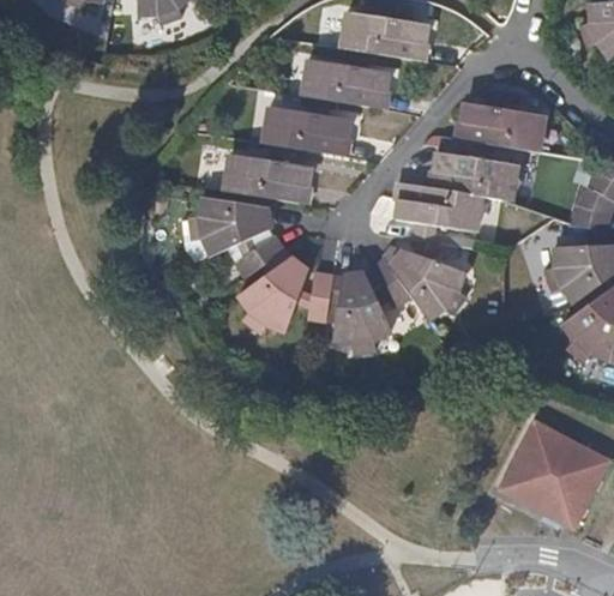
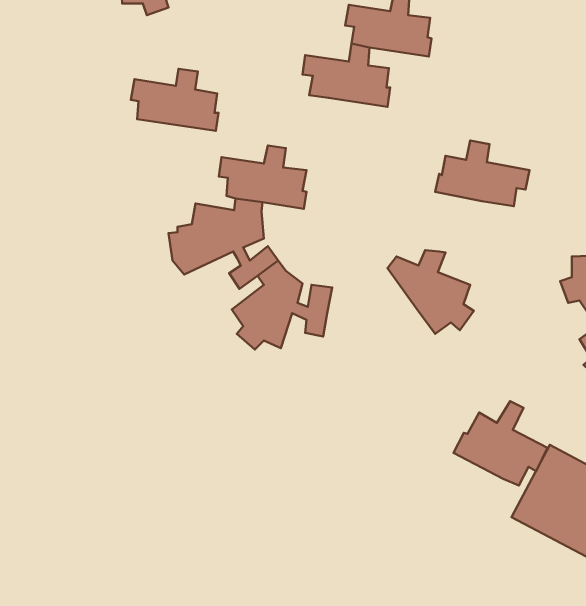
building: [457,90,543,150] -> none
building: [267,96,349,153] -> [131,69,218,131]
building: [397,180,478,241] -> none
building: [329,257,413,351] -> none
building: none -> [453,401,547,486]

